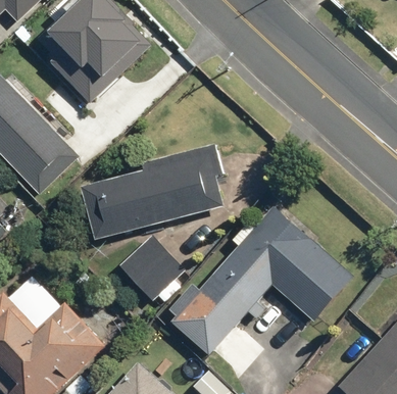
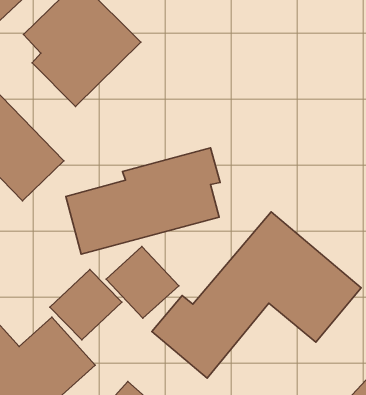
building: none -> [50,269,122,340]

